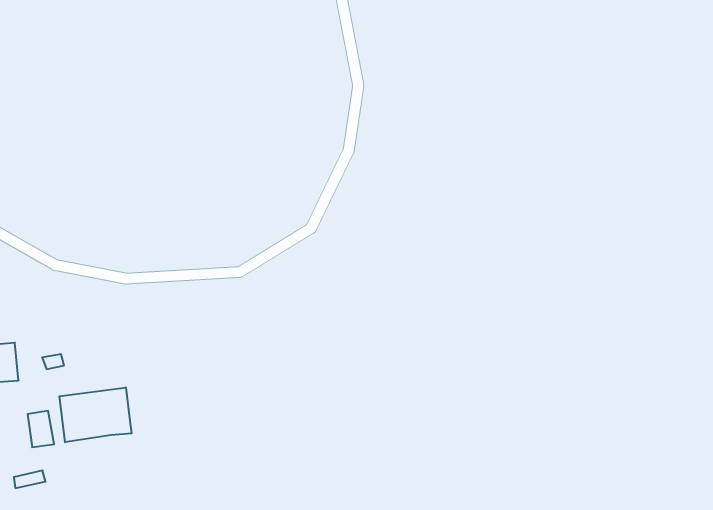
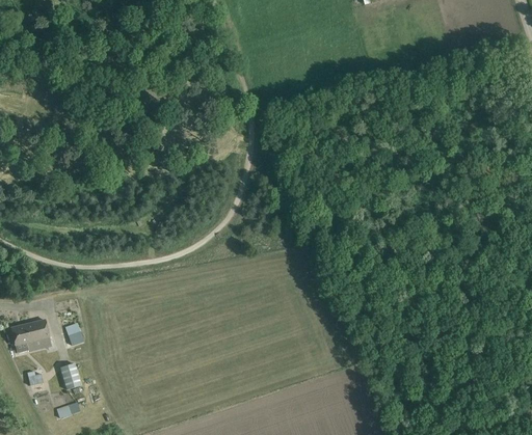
building: [59,387,132,442] -> none

